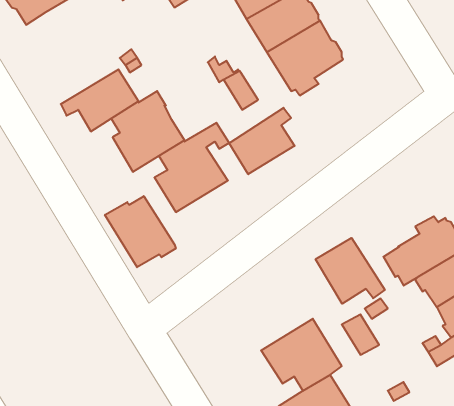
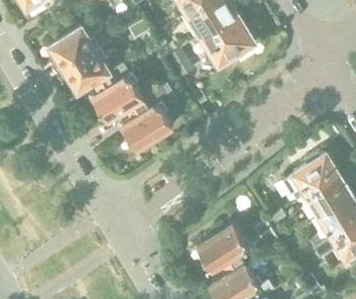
building: none -> [48,26,96,75]
building: [229,108,295,174] -> none
building: [105,196,176,267] -> none
building: [316,238,385,304] -> none

